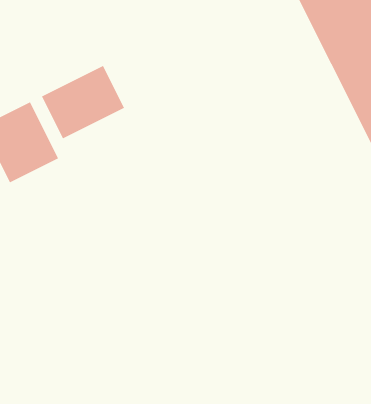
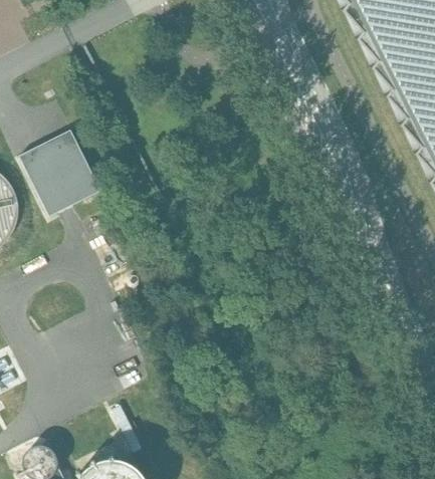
building: [41,65,125,139] -> none

